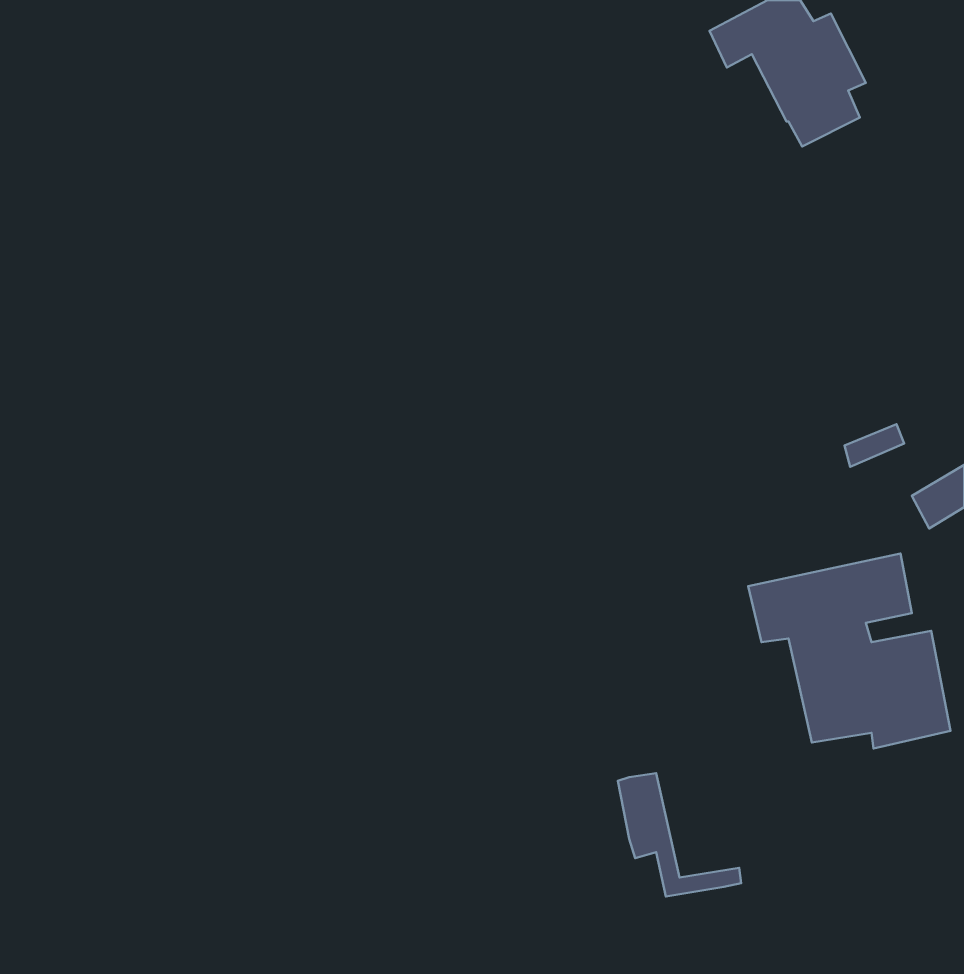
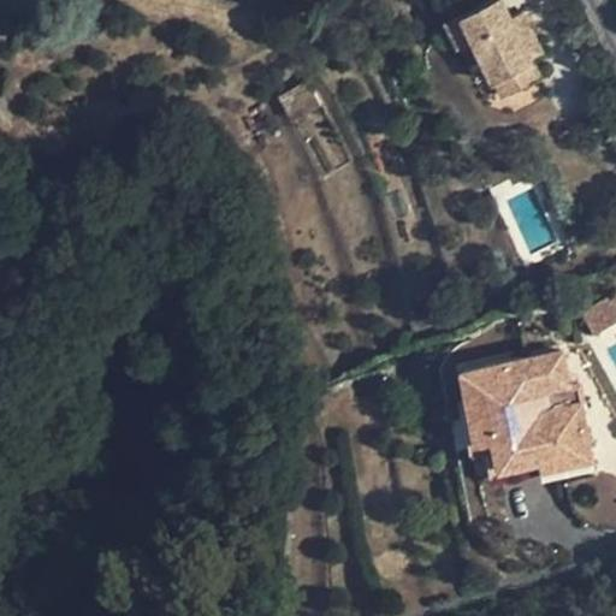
building: [618,773,741,897] -> [468,405,545,482]

